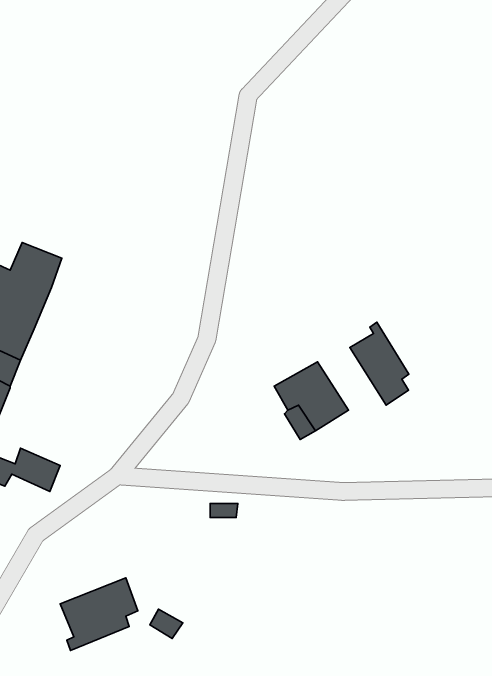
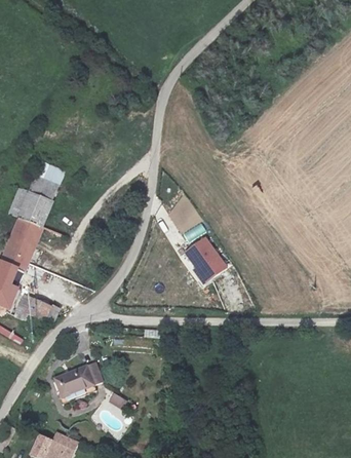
building: [350,322,409,405] -> none

